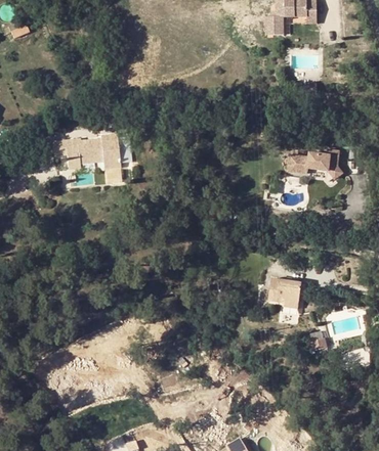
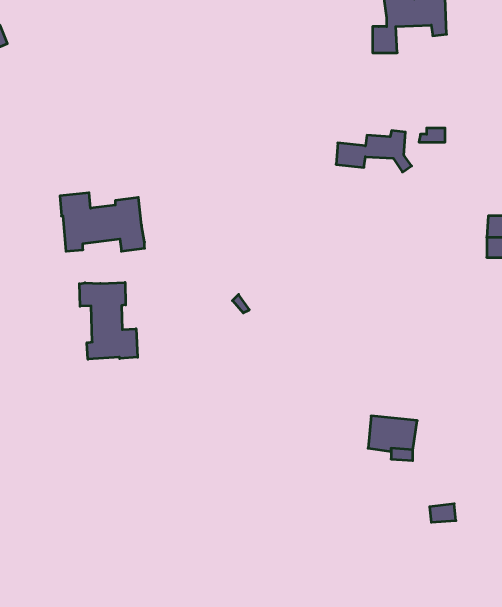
building: [290,149,340,177] -> [336,131,412,172]
building: none -> [79,282,138,359]

